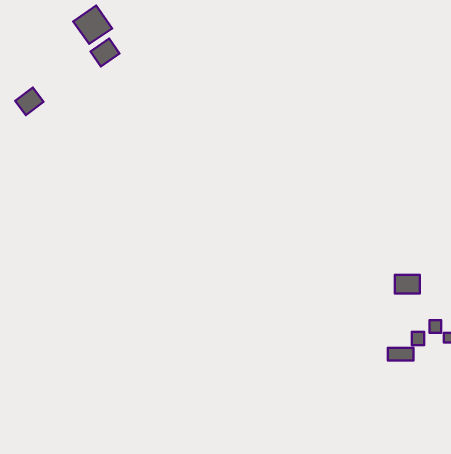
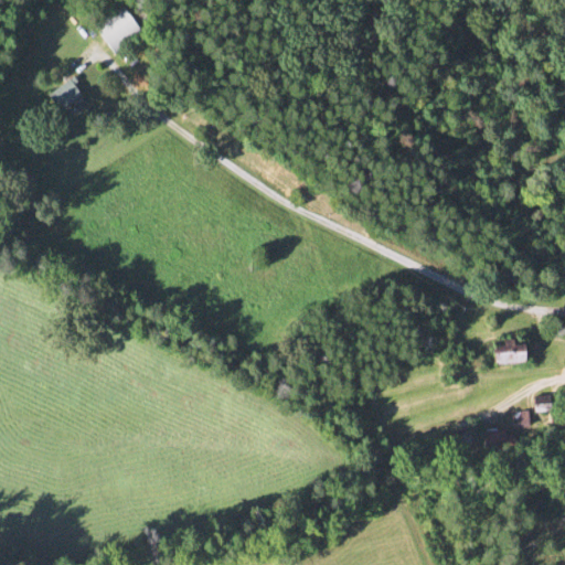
building: [90,38,119,67] -> none
building: [15,88,44,115] -> [49,79,84,114]

